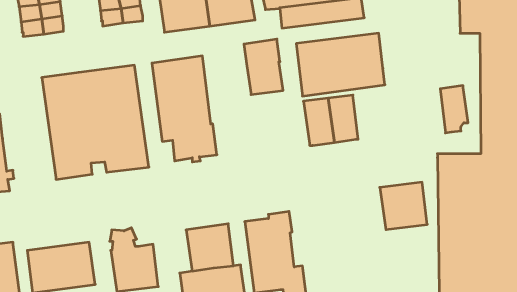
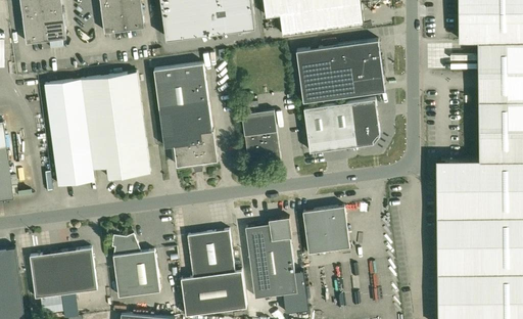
building: [244,39,283,95] -> [241,109,280,165]
building: [440,86,468,133] -> [352,98,380,145]
building: [380,182,427,230] -> [302,206,349,253]

